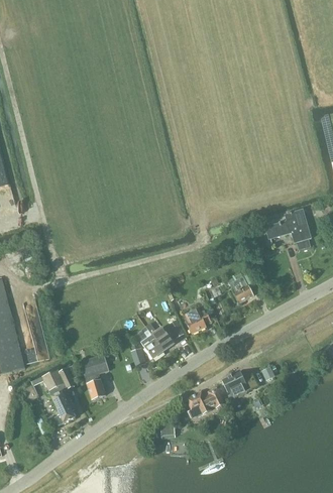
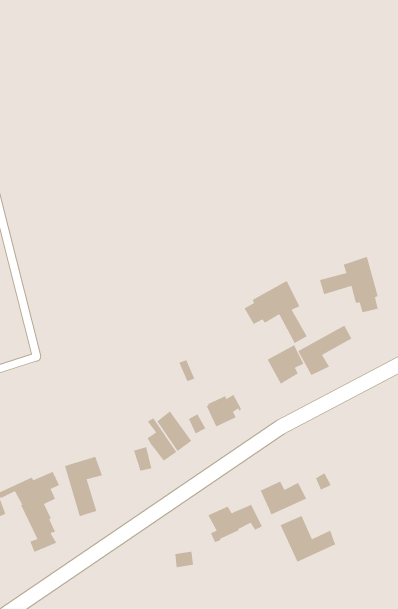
building: none -> [244,280,308,344]
building: none -> [298,325,352,376]
building: none -> [280,515,336,563]

